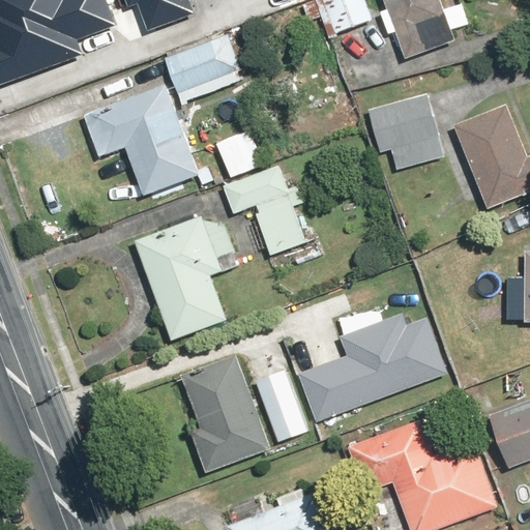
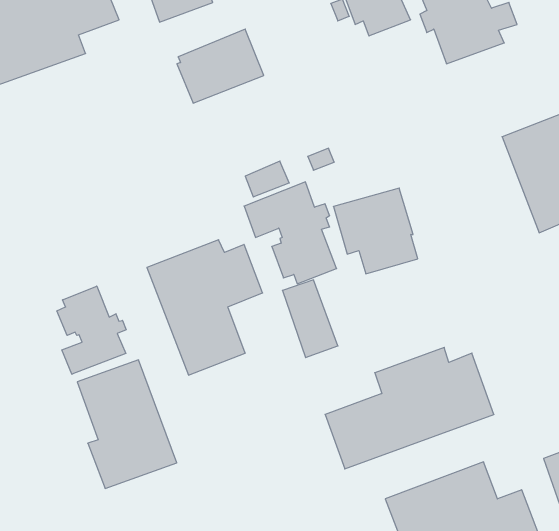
building: [83,85,200,197] -> none
building: [366,94,442,171] -> [333,188,418,274]
building: none -> [57,286,126,374]
building: [182,357,271,472] -> [77,360,177,488]
building: [257,373,306,442] -> [282,280,338,358]

